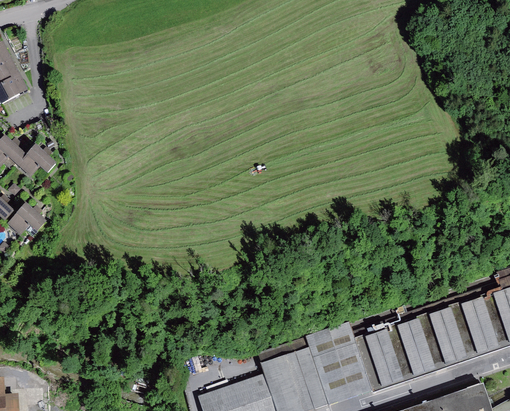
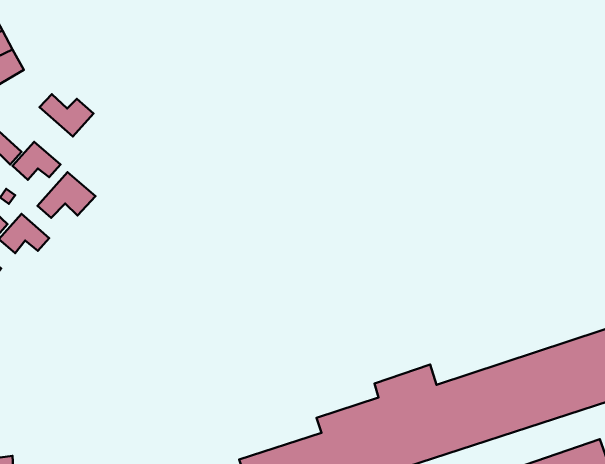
building: none -> [39,94,93,136]
building: none -> [37,172,95,218]

